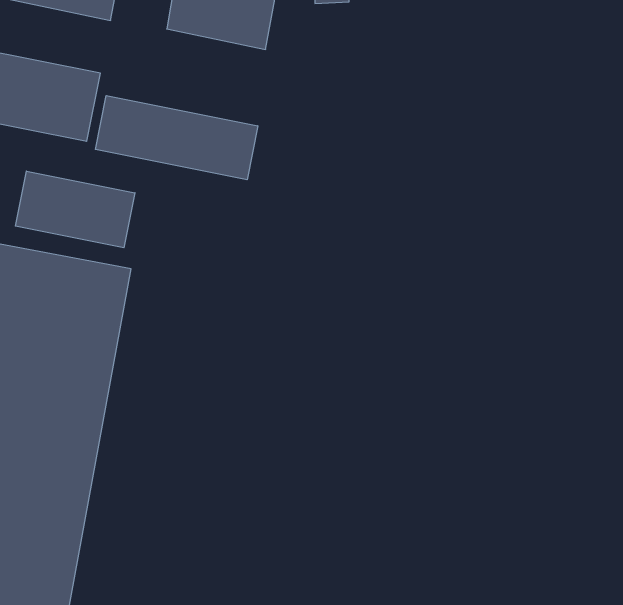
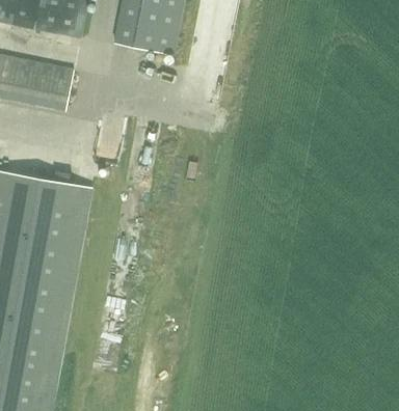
building: [95,96,258,180] -> none
building: [15,171,135,248] -> none

